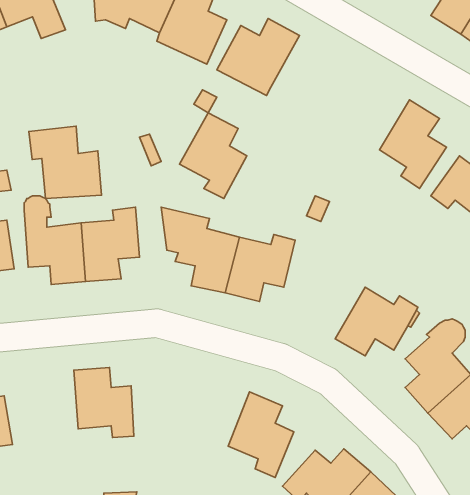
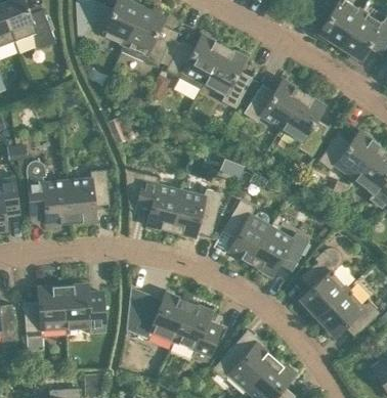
building: none -> [244,80,303,129]
building: [180,113,247,199] -> [204,47,252,108]
building: [29,126,101,199] -> none
building: none -> [223,201,271,264]
building: none -> [24,286,66,352]
building: none -> [126,289,188,341]

